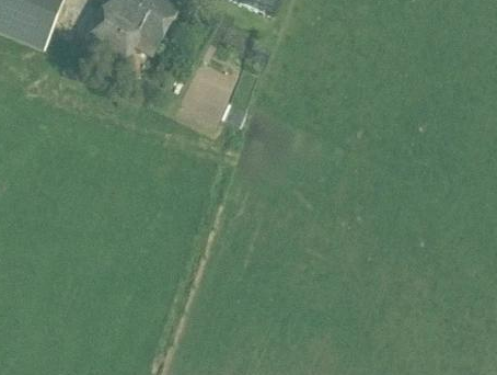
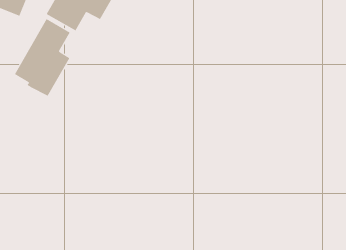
building: none -> [14,18,71,97]

